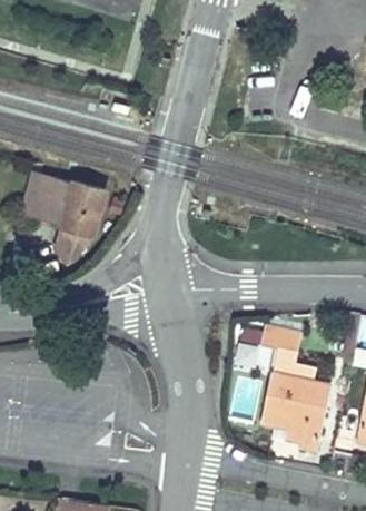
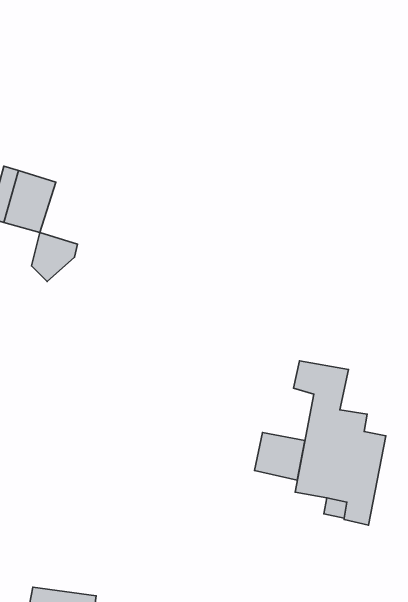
building: [63,184,106,234] -> none
building: none -> [254,433,305,480]

